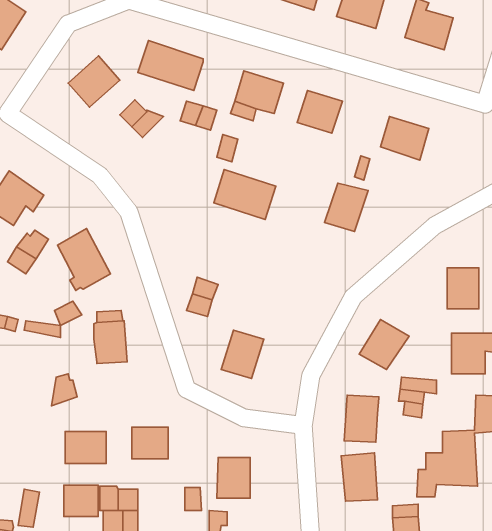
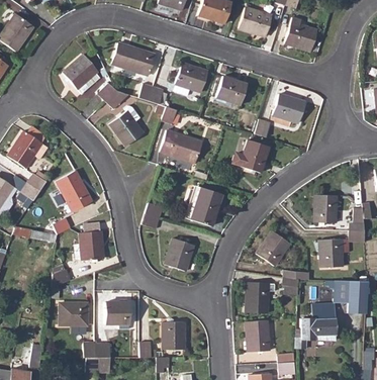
building: none -> [109,111,142,146]
building: none -> [187,186,221,224]
building: [64,485,98,517] -> none

